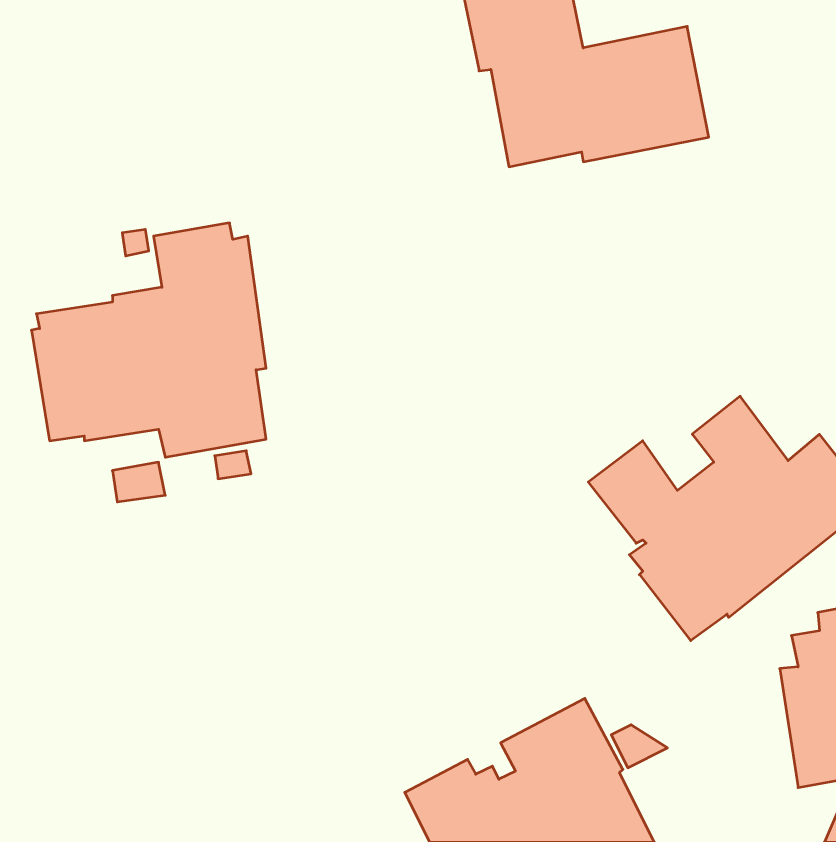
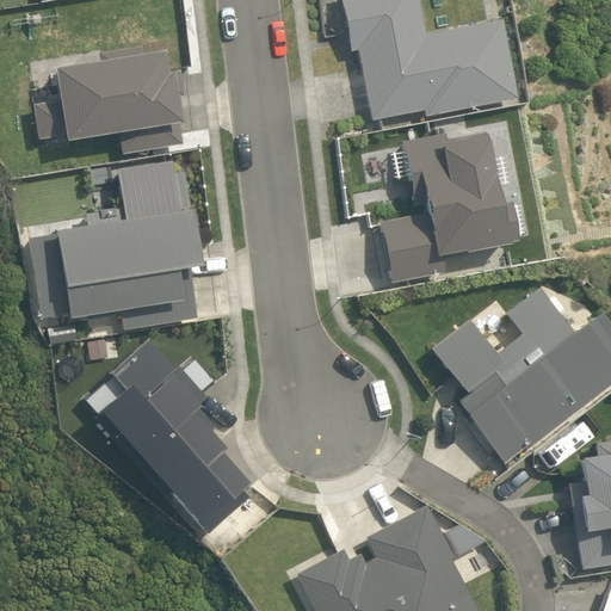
building: none -> [35,45,185,154]
building: none -> [381,132,525,284]
building: none -> [99,340,249,535]

